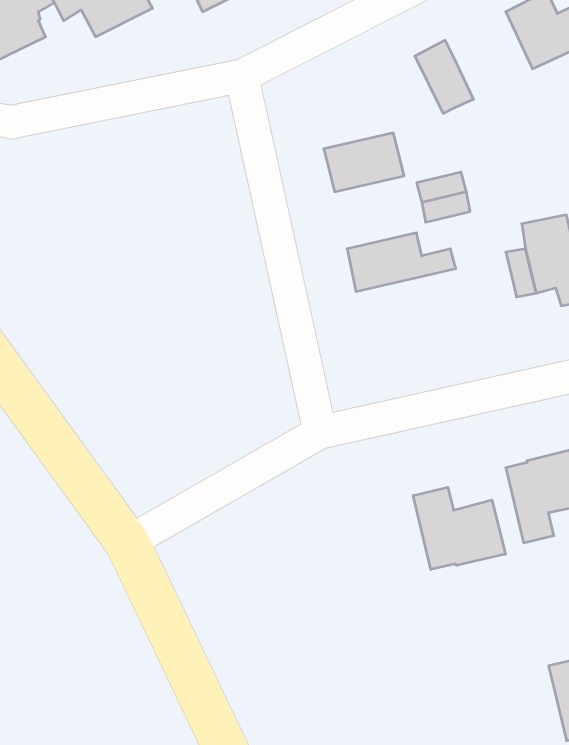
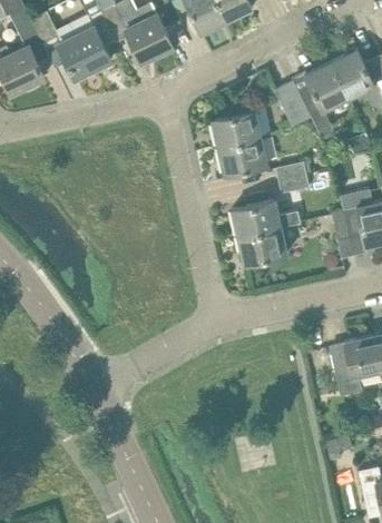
building: none -> [300,62,349,137]
building: none -> [213,111,262,148]
building: none -> [238,227,288,264]
building: [413,487,505,570] -> none

